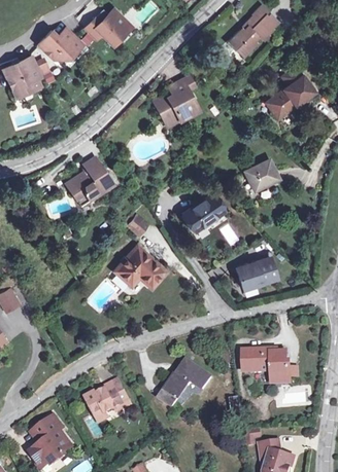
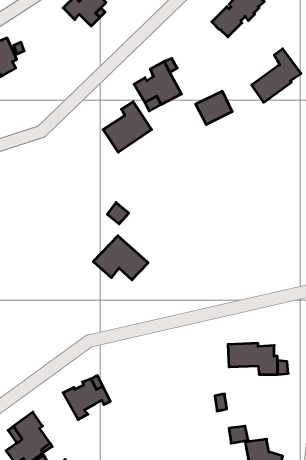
building: [37,27,82,60] -> none
building: [65,156,111,205] -> [103,102,152,152]
building: [243,158,278,190] -> [196,91,232,125]
building: [182,193,224,230] -> none
building: [237,258,278,291] -> none
building: [157,359,211,407] -> none

